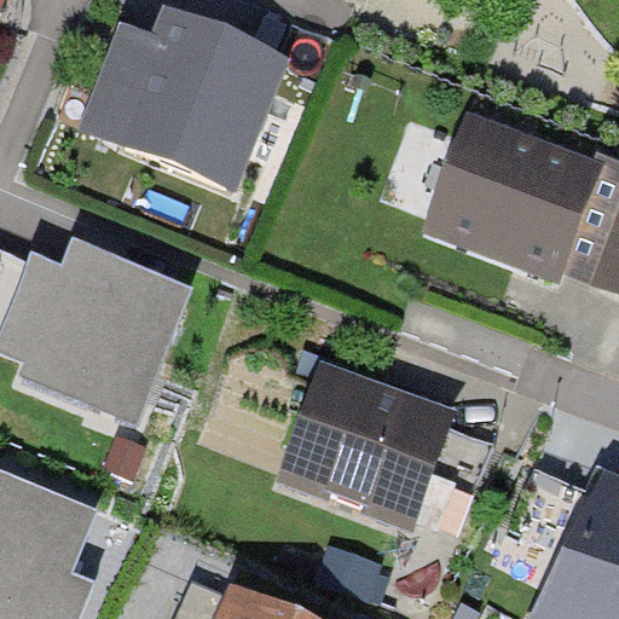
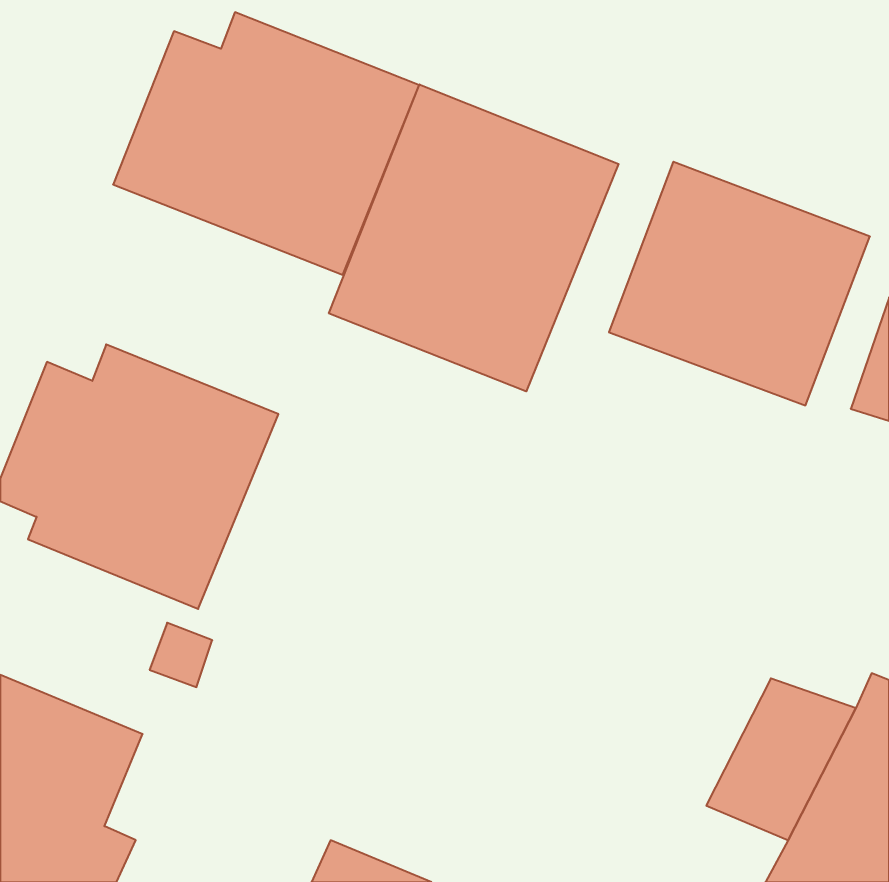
building: none -> [329,84,619,391]
building: [276,359,459,534] -> none

